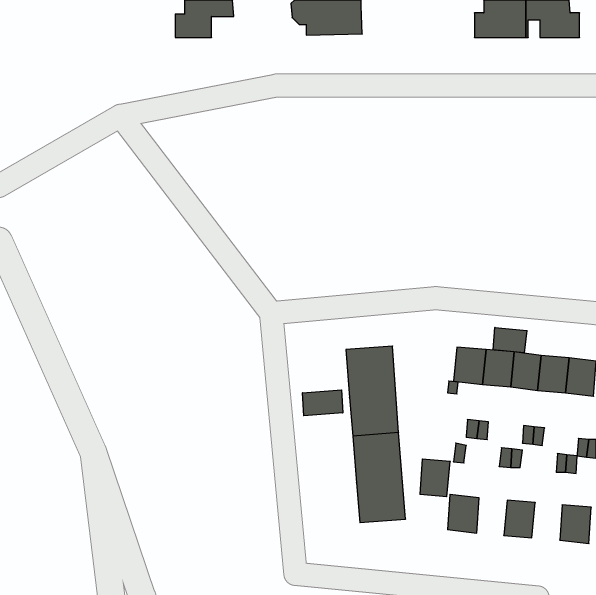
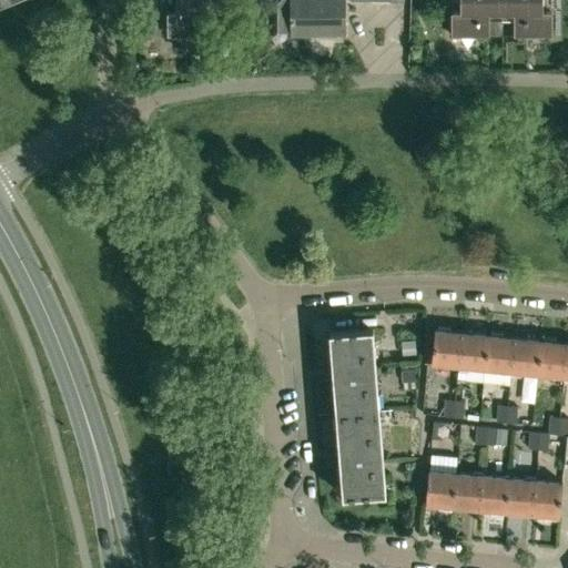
building: [493,327,527,353] -> none
building: [303,390,343,416] -> none
building: [420,459,450,497] -> [453,475,481,510]
building: none -> [505,479,534,515]

